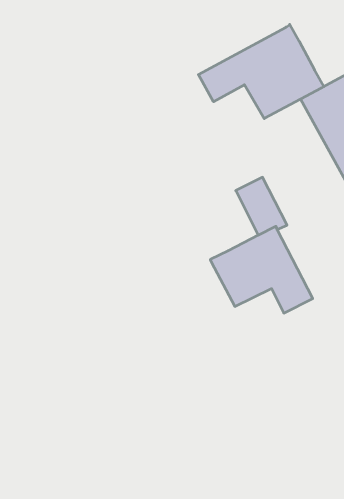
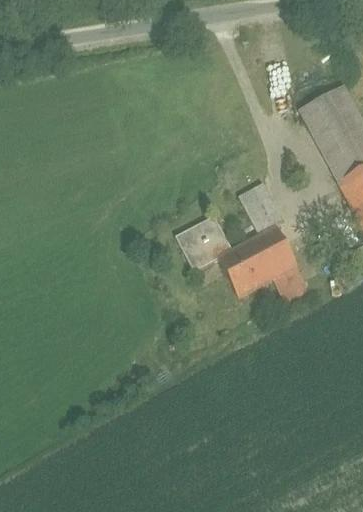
building: [198,24,324,119] -> none
building: none -> [174,212,232,269]

